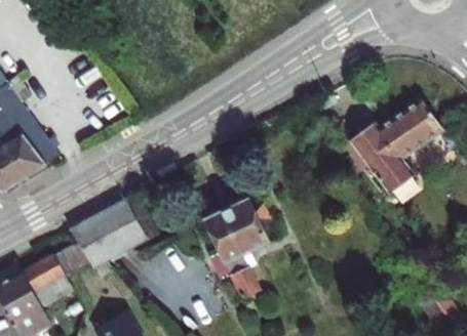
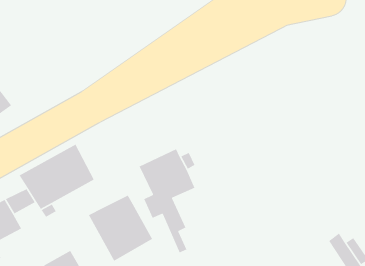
building: [347,96,441,200] -> none
building: none -> [88,194,153,262]

